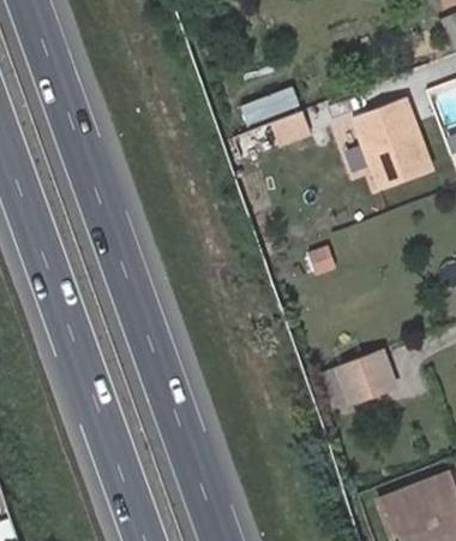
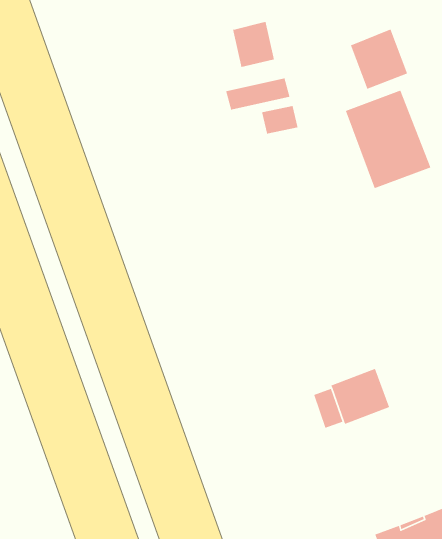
building: none -> [232,21,275,68]
building: none -> [350,29,408,90]

